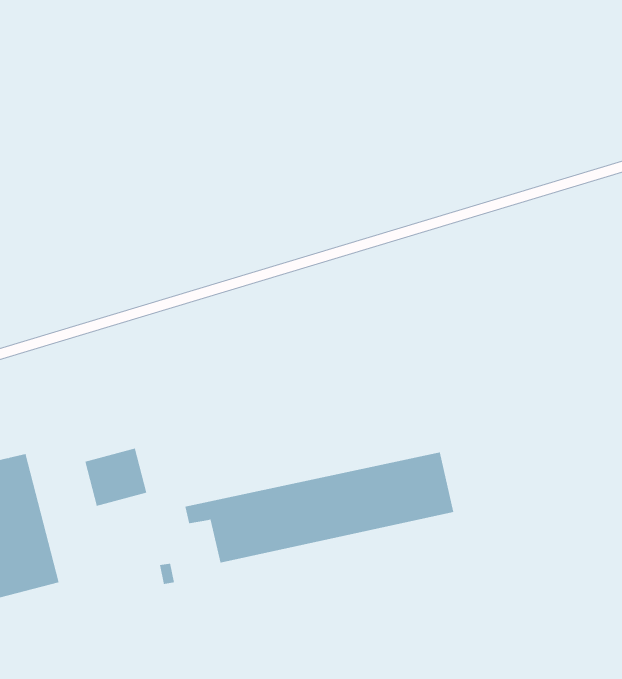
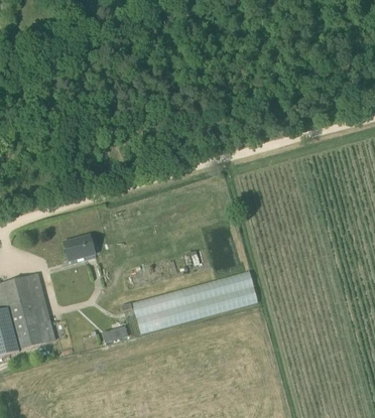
building: [85,448,147,506] -> [62,235,95,265]

